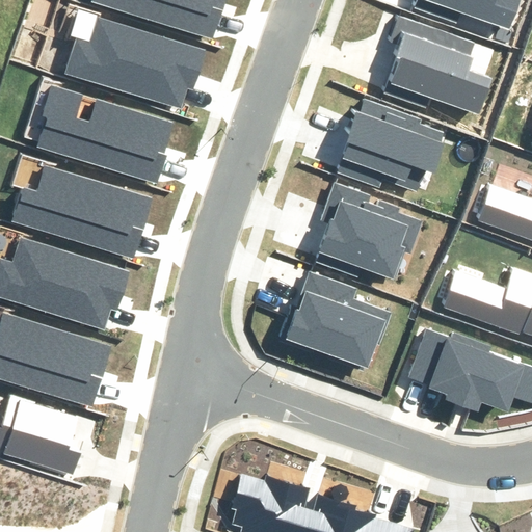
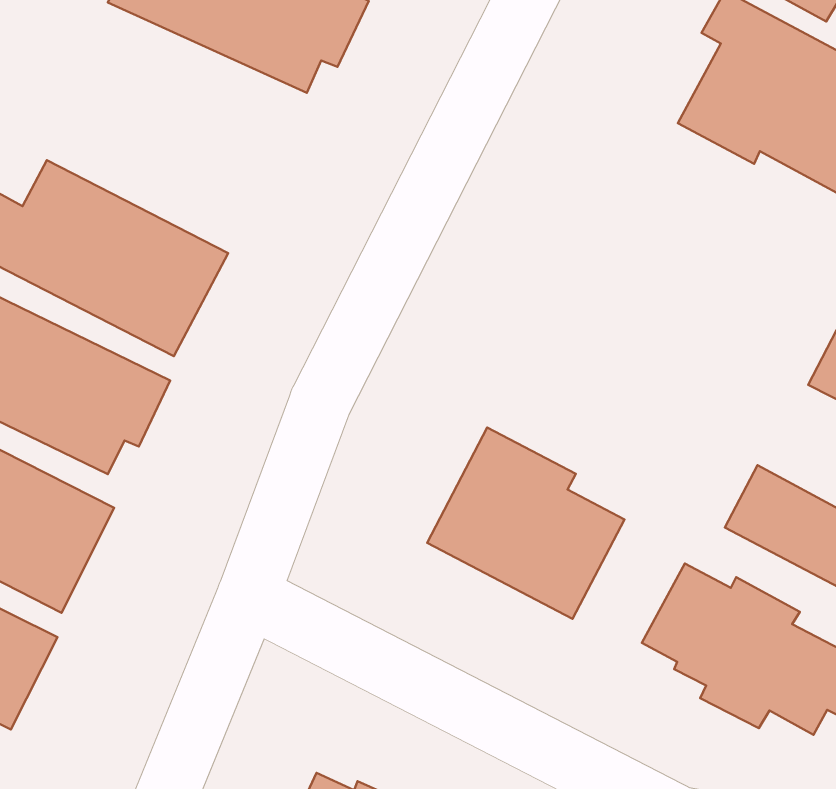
building: [36,84,171,184] -> none
building: [337,99,446,190] -> none
building: [316,184,422,277] -> none

